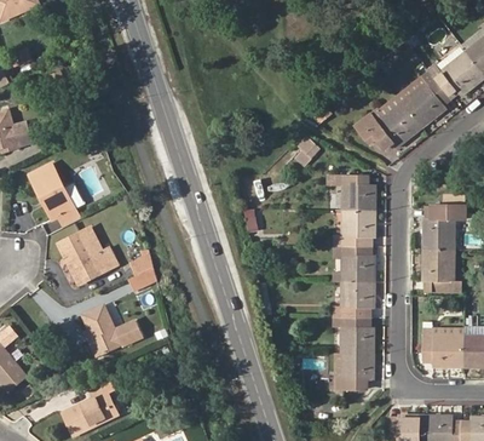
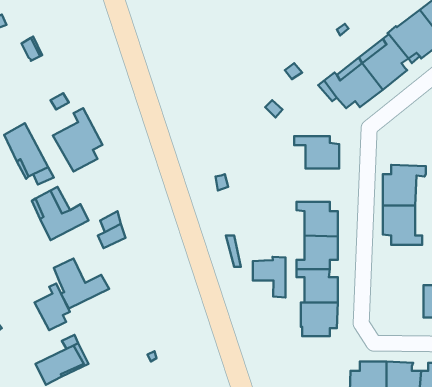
building: none -> [53,108,103,172]
building: [333,211,378,246] -> none
building: none -> [253,257,285,298]
building: [425,326,466,367] -> none
building: none -> [35,284,70,330]

